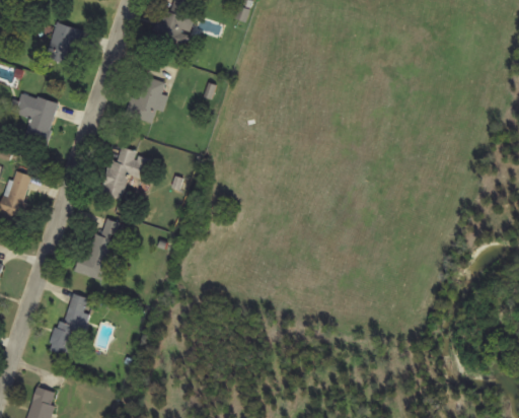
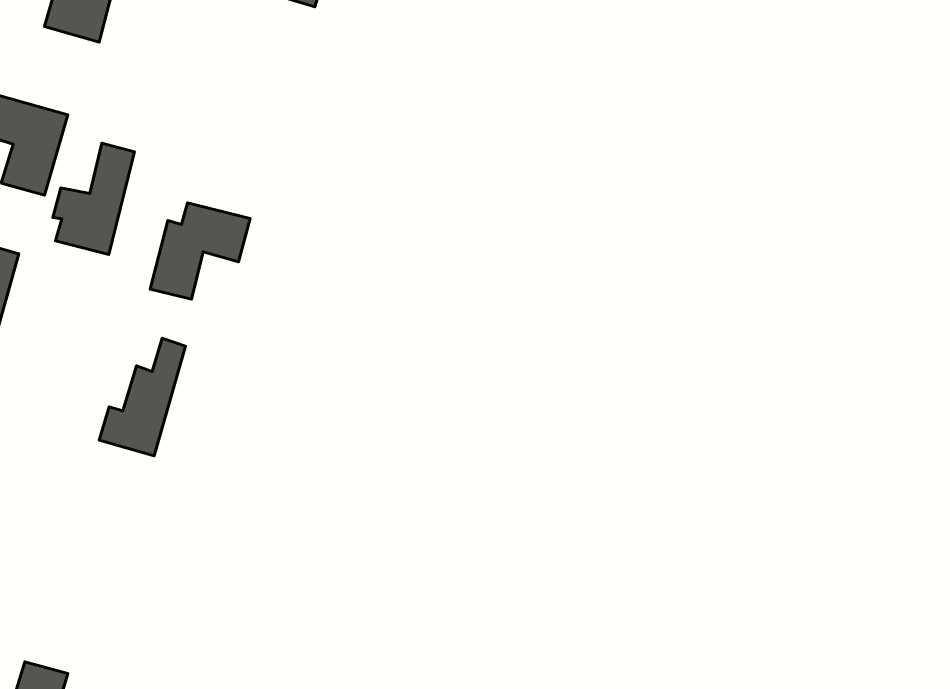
building: [126,76,168,123] -> none
building: none -> [53,143,134,255]
building: [49,293,89,357] -> none

